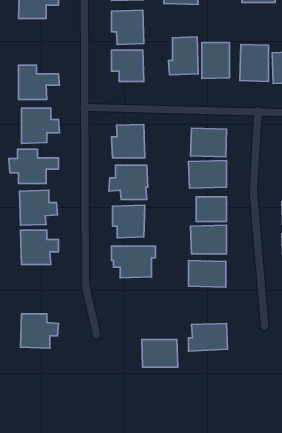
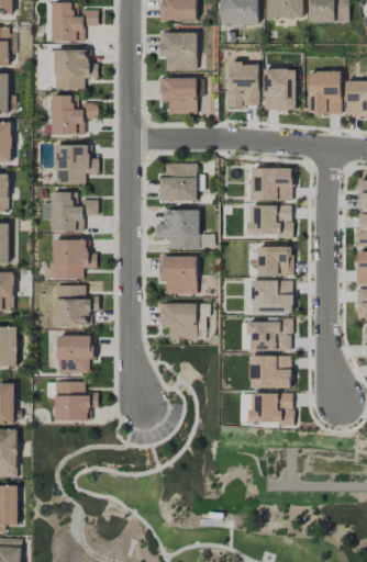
building: none -> [54,49,98,90]
building: none -> [57,335,93,373]
building: [142,339,178,367] -> [249,357,291,389]

